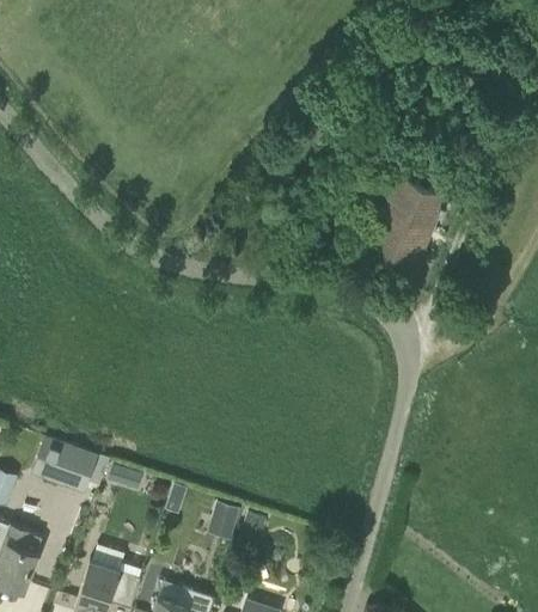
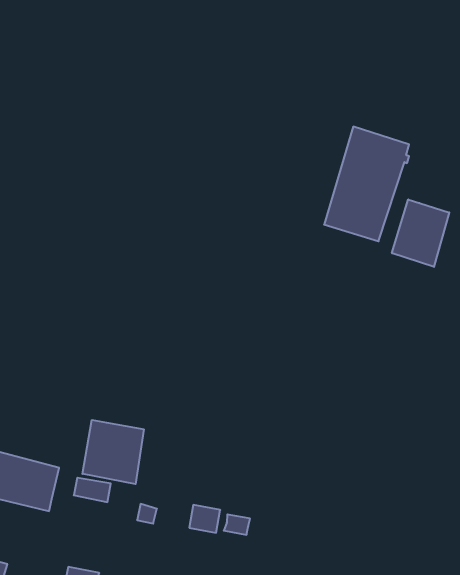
building: none -> [392,199,449,267]
building: none -> [82,420,144,484]

